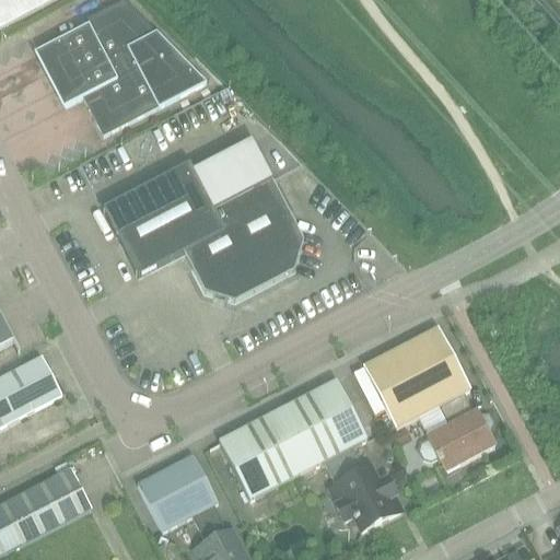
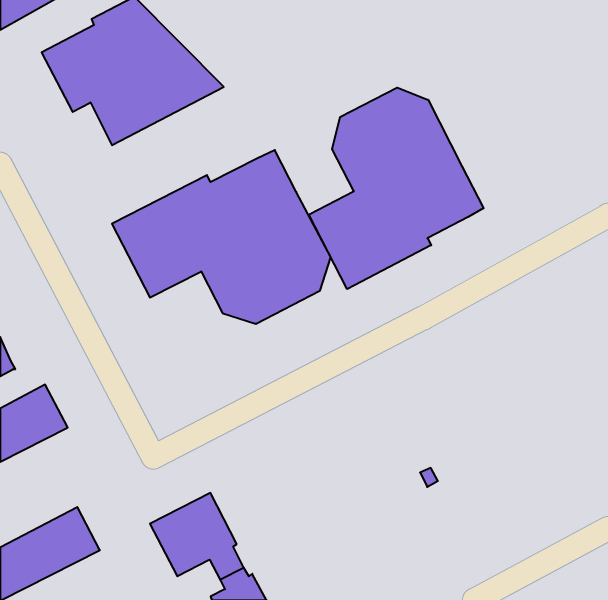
building: none -> [309,88,484,289]
building: [363,325,494,468] -> none
building: [219,378,406,533] -> none

